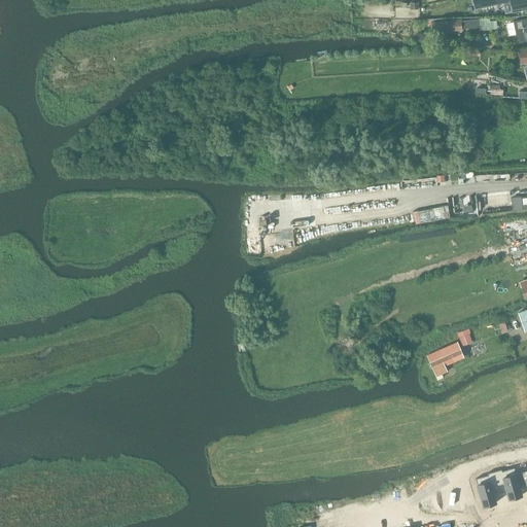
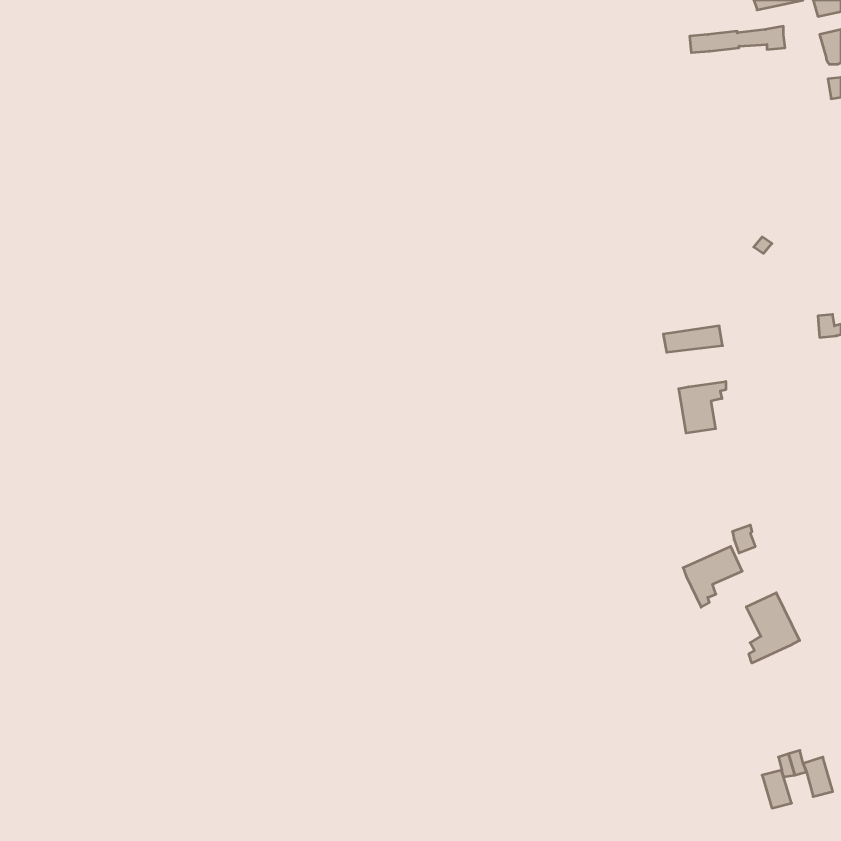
building: none -> [679,381,726,433]
building: none -> [746,593,800,663]

